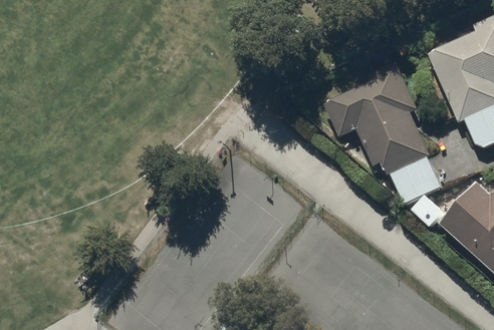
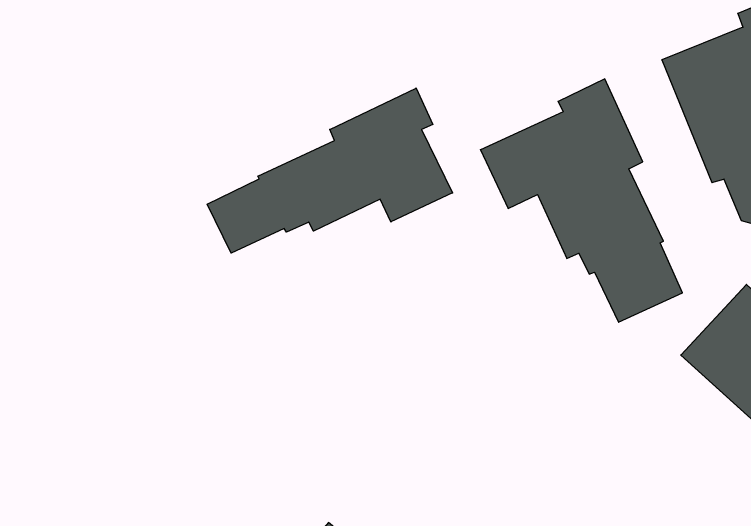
building: none -> [207,88,453,253]

